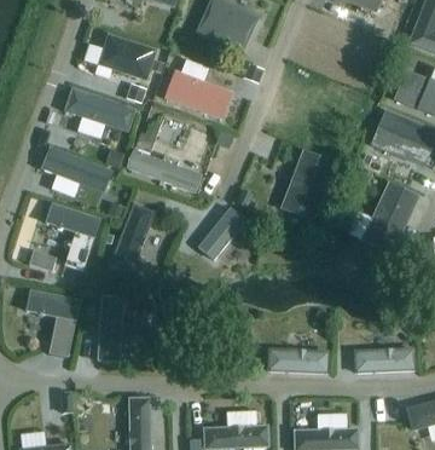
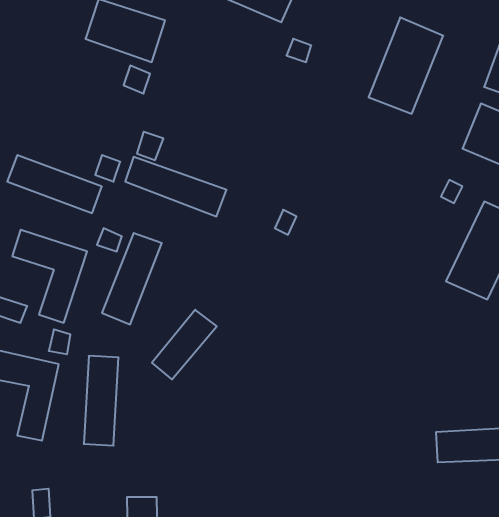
building: [166,70,232,119] -> none
building: [65,87,135,131] -> none
building: [280,149,335,219] -> [369,17,443,114]
building: [199,207,246,258] -> [152,310,217,379]
building: [268,348,329,371] -> none

